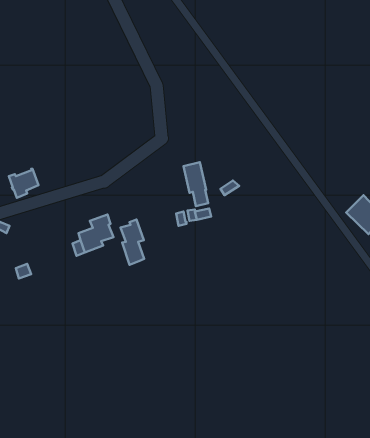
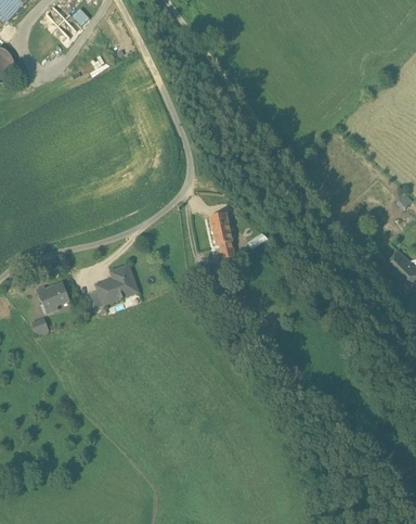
building: [9,169,39,198] -> [38,283,69,314]
building: [120,220,144,265] -> none

